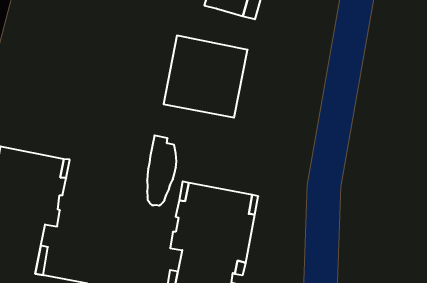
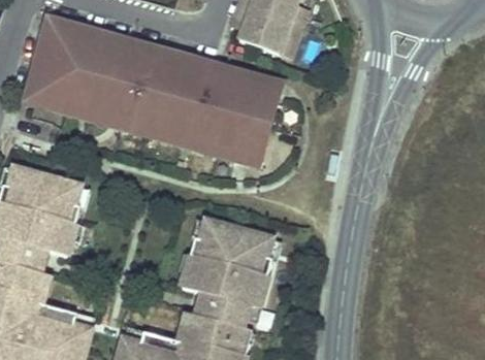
building: none -> [36,26,157,123]
building: [147,135,176,206] -> [157,57,190,130]

